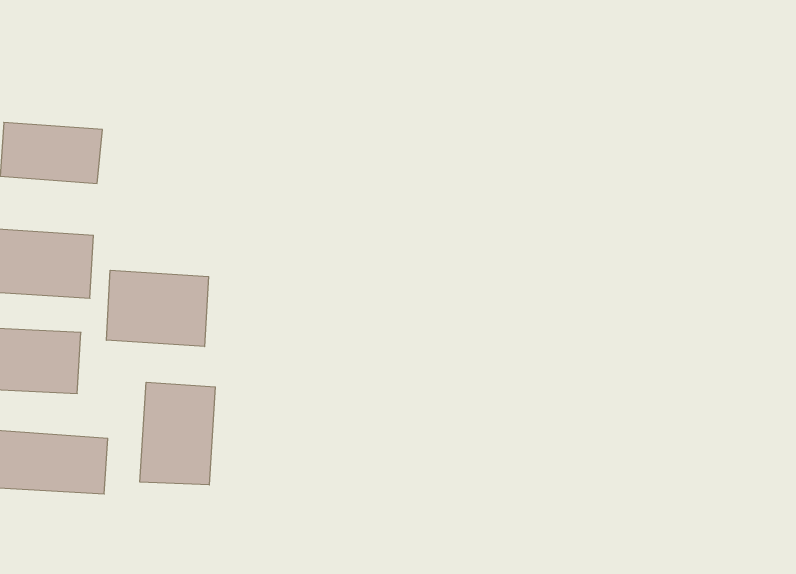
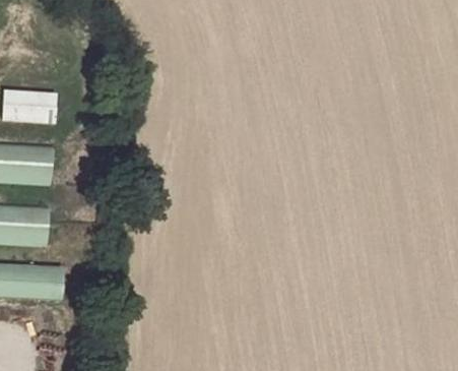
building: [106,270,209,347] -> none
building: [140,382,215,485] -> none

